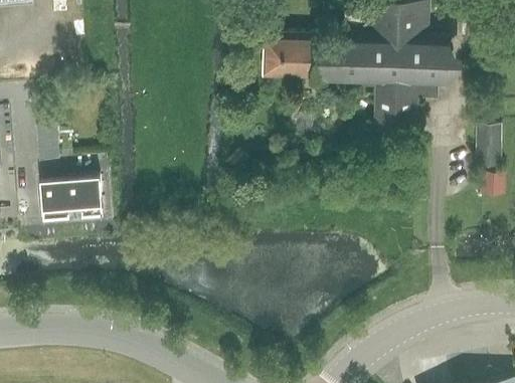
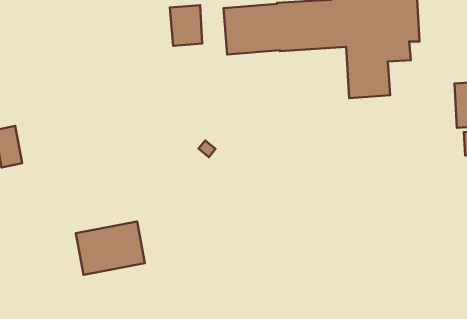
building: none -> [170,5,202,46]
building: [41,177,104,222] -> [76,222,145,275]

